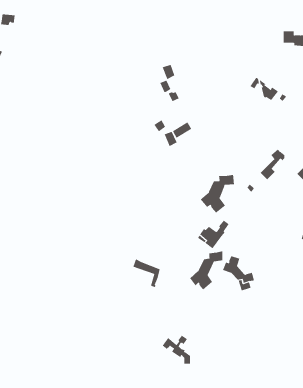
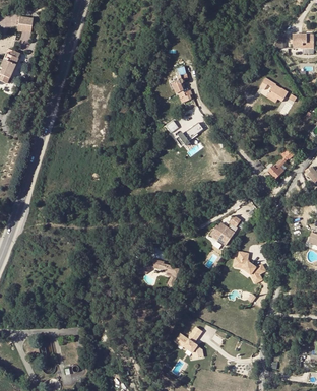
building: [200,174,235,213] -> none
building: [189,251,223,290] -> none

